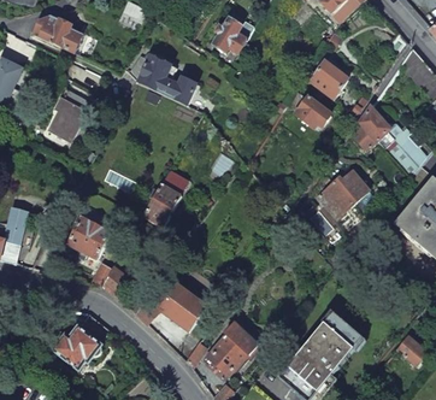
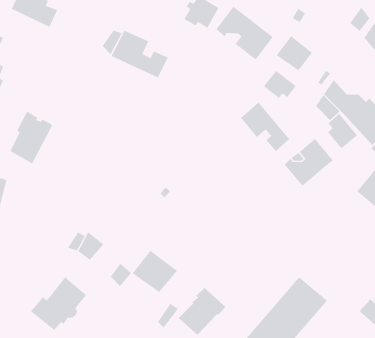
building: none -> [216,6,273,60]
building: [46,87,92,142] -> [10,111,53,164]
building: none -> [240,102,290,152]
building: none -> [327,113,358,149]
building: [142,183,179,227] -> none
building: [65,216,110,259] -> none

